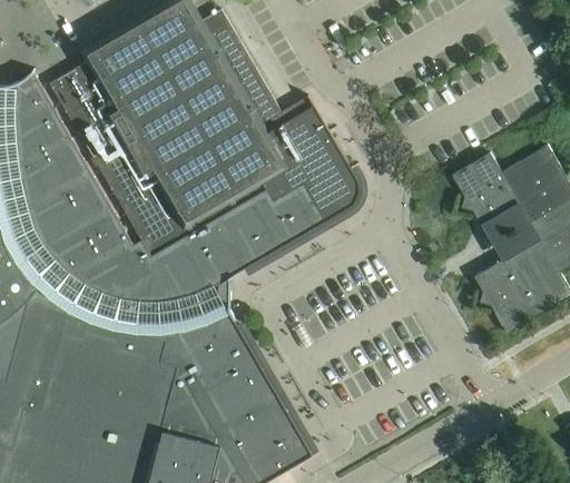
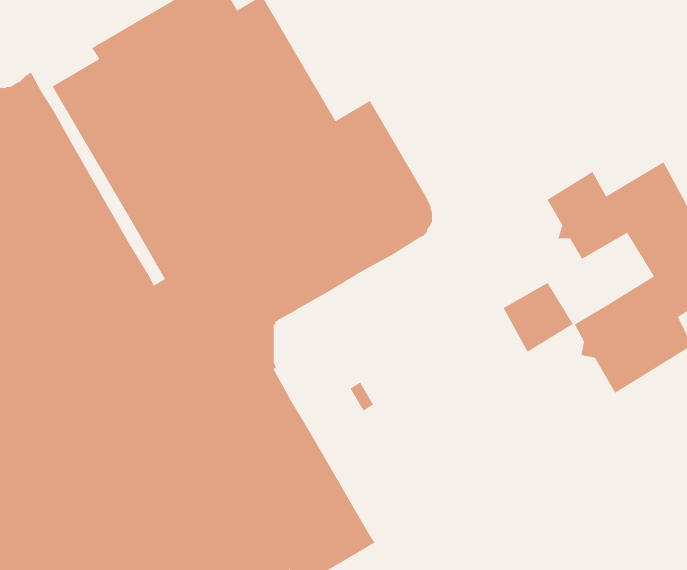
building: [481,204,539,262] -> [503,282,574,353]

